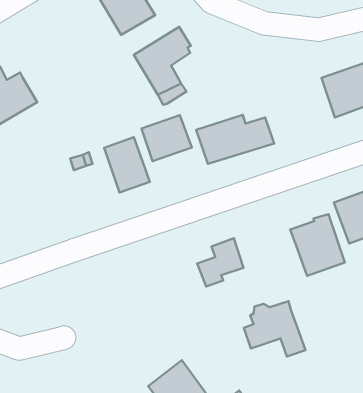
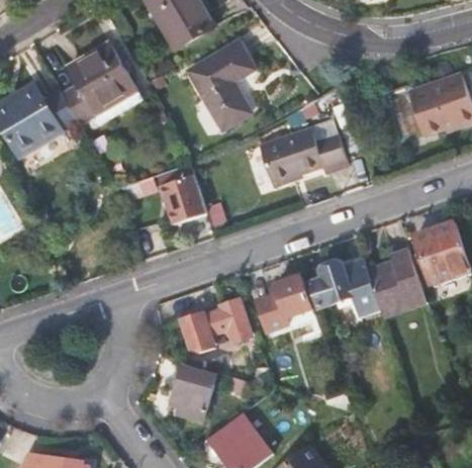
building: none -> [63,41,144,121]
building: [141,115,192,161] -> none
building: none -> [188,299,252,353]
building: [244,301,305,357] -> [311,254,381,316]
building: none -> [171,368,214,422]

